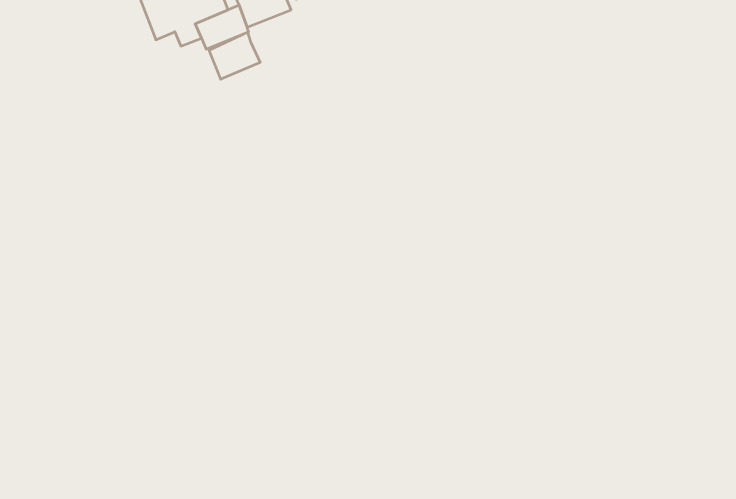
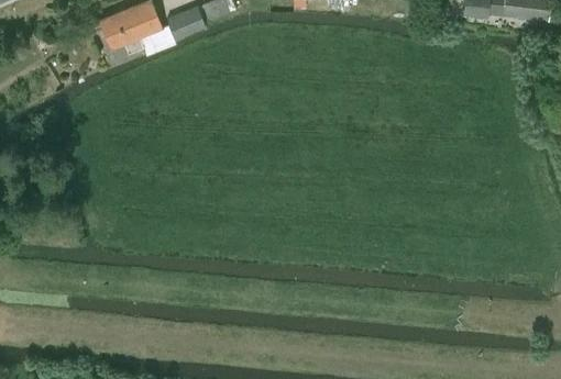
building: [209,32,260,79] -> none

